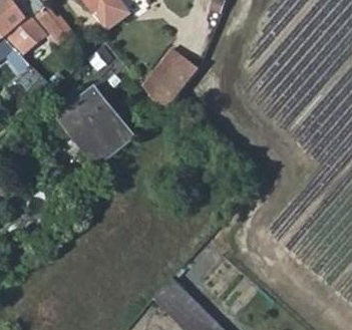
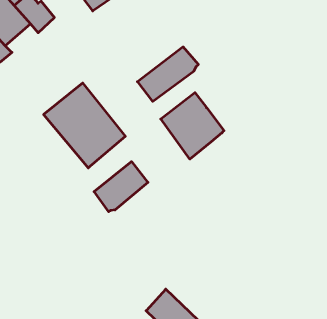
building: none -> [161,93,224,159]
building: none -> [94,162,148,212]

